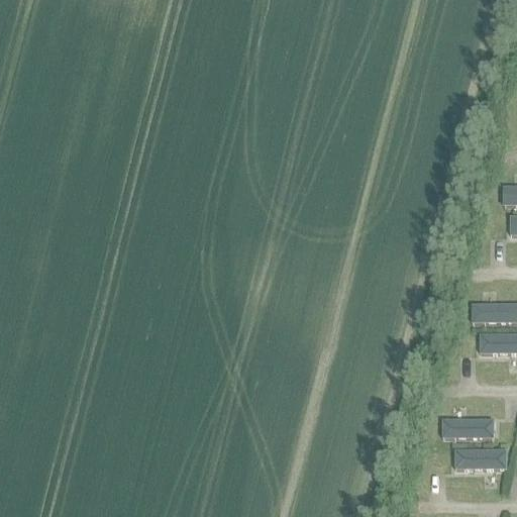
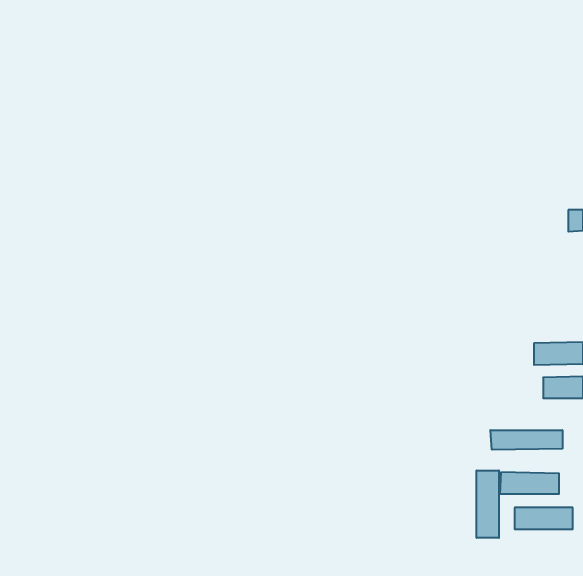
building: none -> [490,430,562,450]
building: none -> [477,470,499,538]

